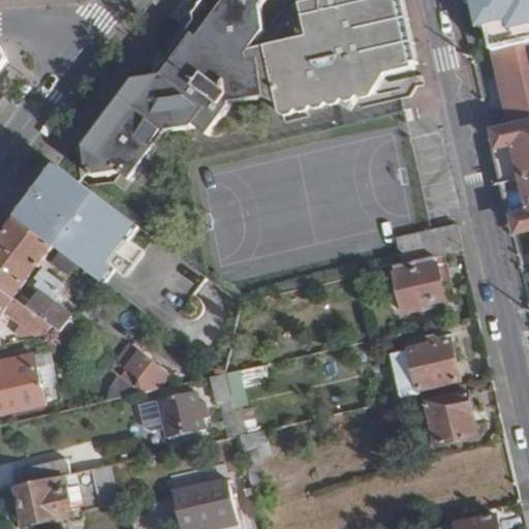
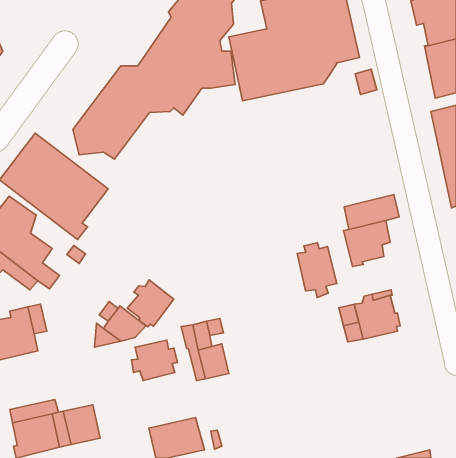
building: none -> [297,243,337,297]
building: none -> [127,280,174,327]
building: [423,382,475,444] -> none

